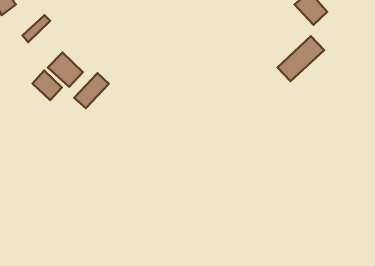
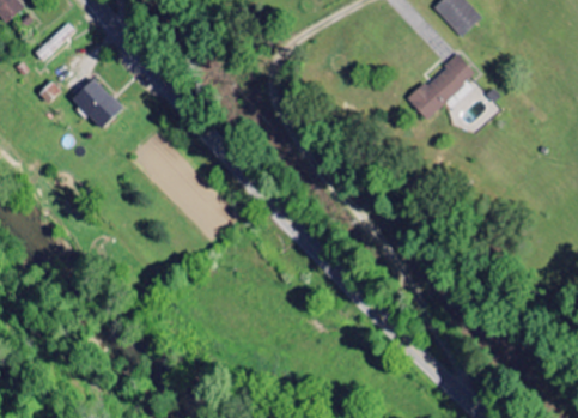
building: [32,70,62,100] -> none
building: [74,73,109,108] -> none

